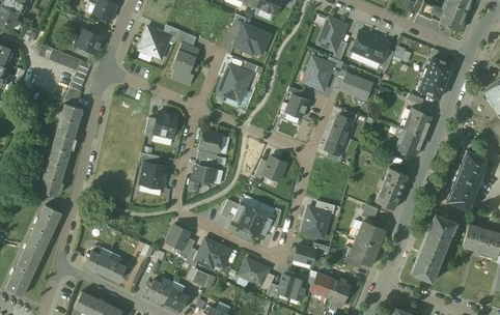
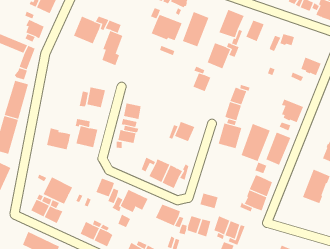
building: none -> [182,11,209,47]
building: [366,34,391,62] -> none
building: [425,58,452,83] -> none
building: [219,63,253,102] -> none
building: [340,70,374,99] -> none
building: [401,108,432,137] -> none
building: none -> [241,123,270,162]
building: none -> [46,127,71,150]
building: [299,207,329,239] -> [218,123,242,149]
building: none -> [43,176,73,205]
building: [412,249,444,282] -> none

